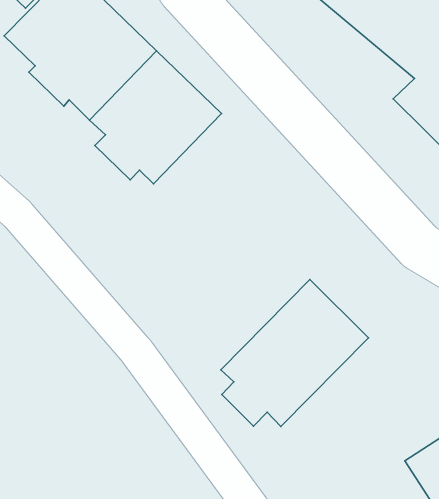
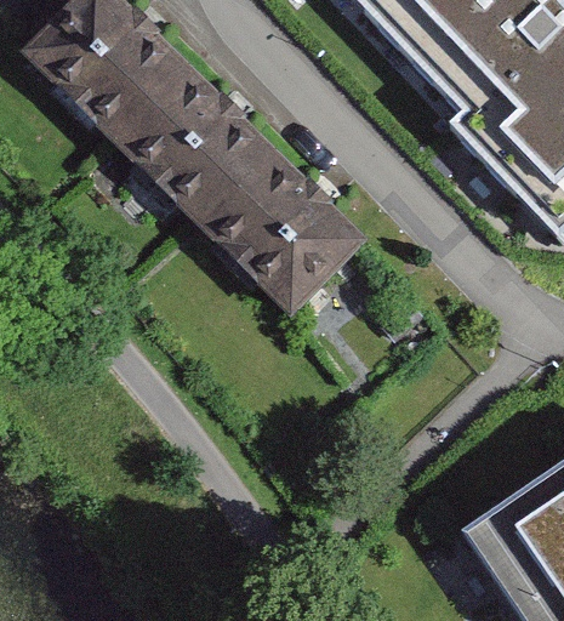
building: none -> [192,136,369,310]
building: [221,280,368,426] -> none

